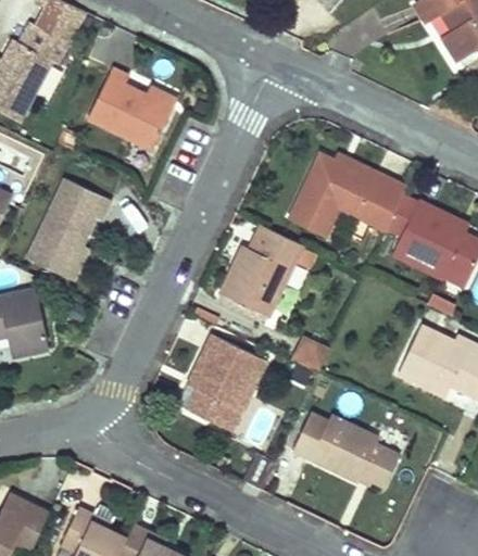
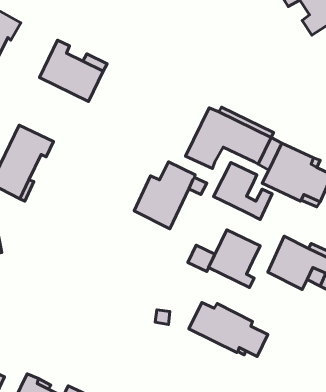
building: none -> [213,163,272,219]
building: none -> [209,230,260,288]
building: [177,334,265,432] -> none

